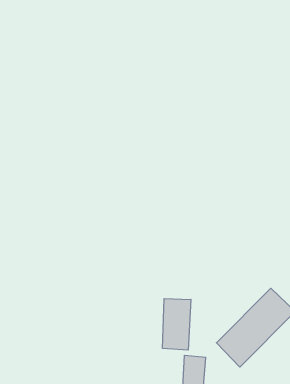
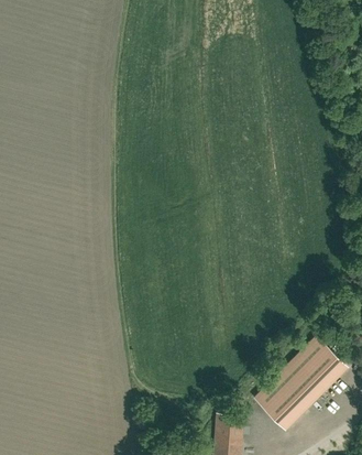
building: [163,299,191,350] -> none

